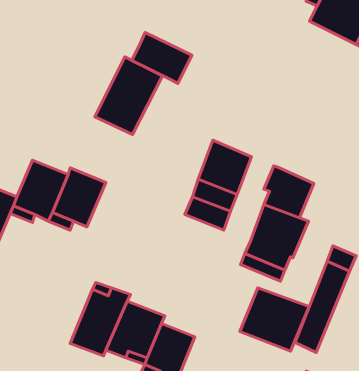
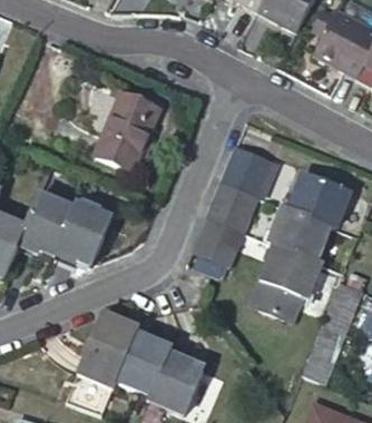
building: [132,33,192,84] -> none
building: none -> [217,140,268,190]
building: none -> [282,166,337,219]
building: [240,288,309,351] -> none

